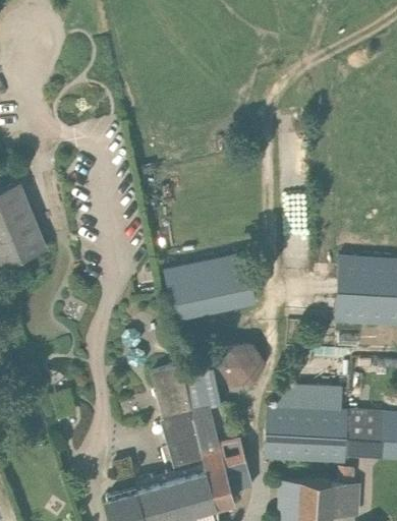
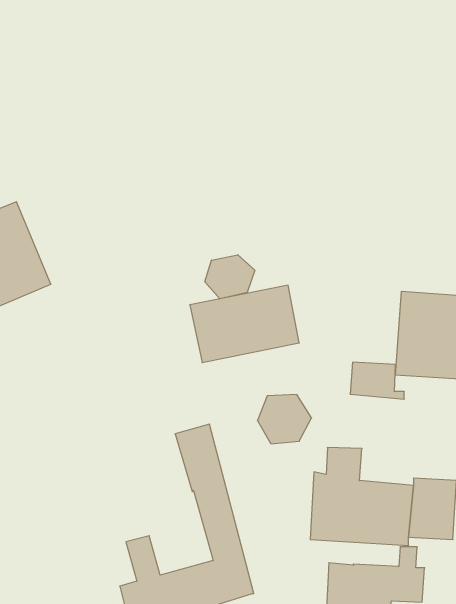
building: none -> [205,255,255,299]
building: [180,365,252,511] -> none
building: [304,387,349,417] -> [350,362,404,399]

